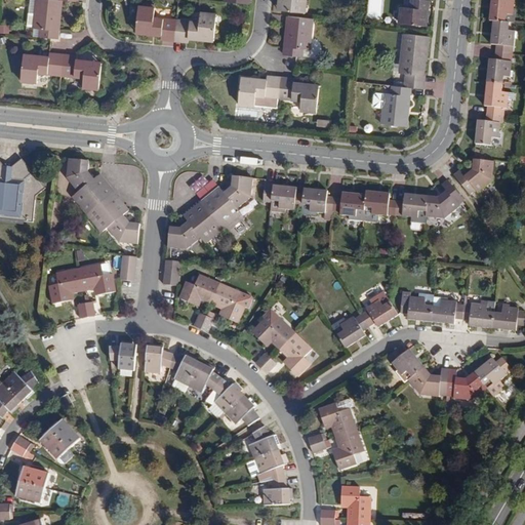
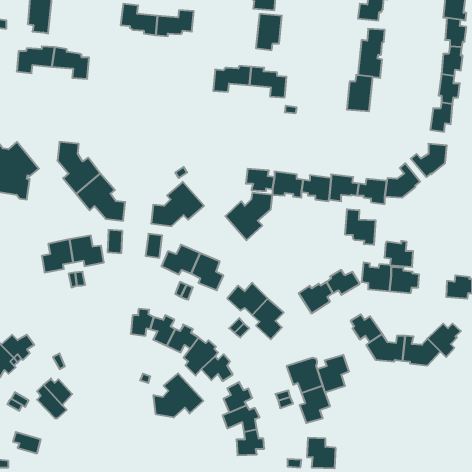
building: [202,175,254,228] -> [225,193,273,240]
building: none -> [345,209,376,245]
building: [462,299,494,328] -> [384,241,413,267]
building: [109,337,137,368] -> none
building: none -> [317,355,349,392]
building: none -> [154,373,203,418]
building: [17,465,50,486] -> none

